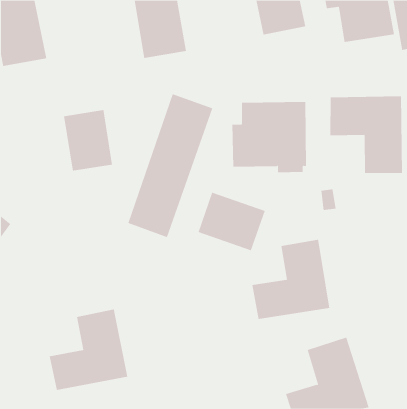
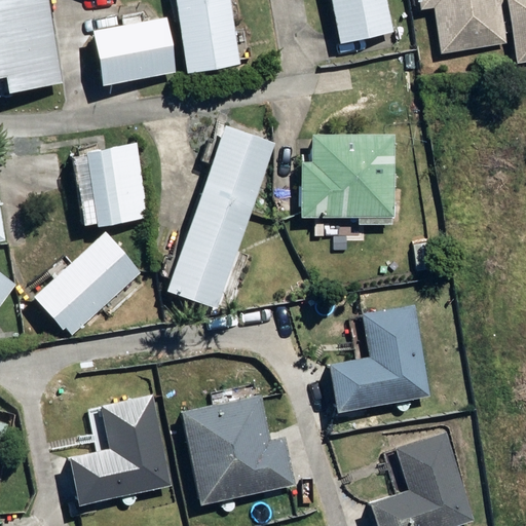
building: none -> [89,9,175,79]
building: [330,95,403,174] -> none
building: none -> [34,233,142,339]
building: [198,192,266,251] -> none
building: none -> [182,397,298,508]

